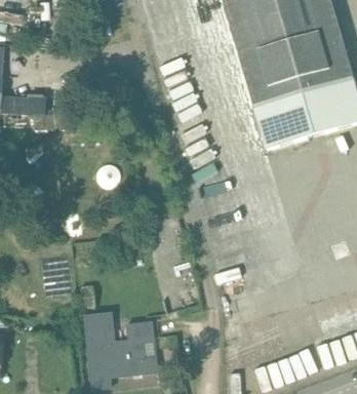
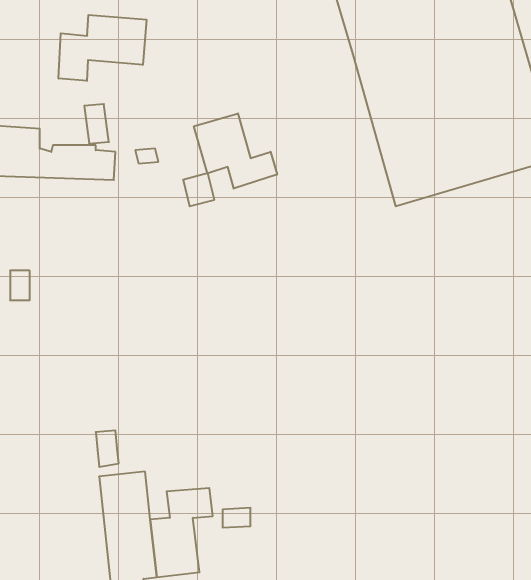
building: none -> [59,15,146,81]
building: none -> [194,113,277,189]

